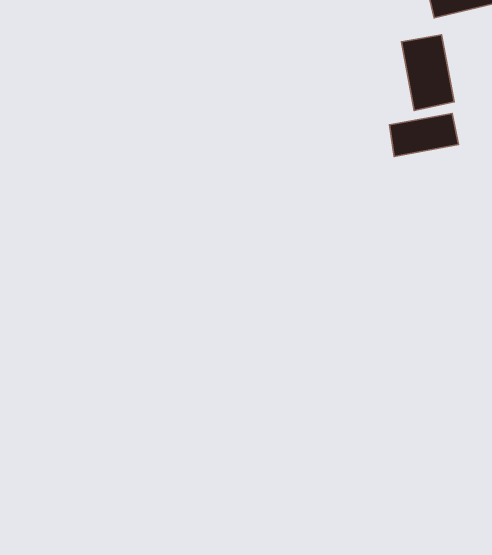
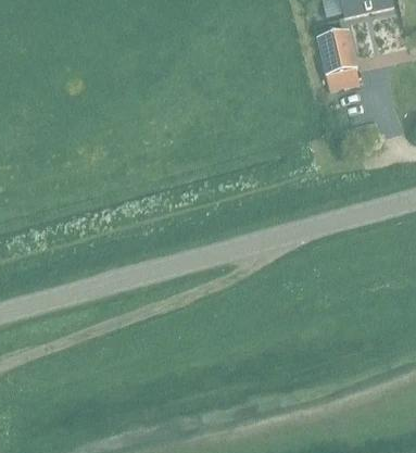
building: [389,113,458,157] -> none

